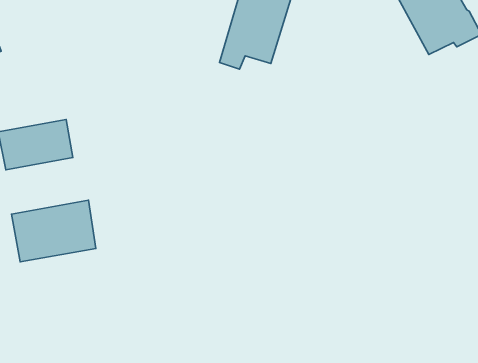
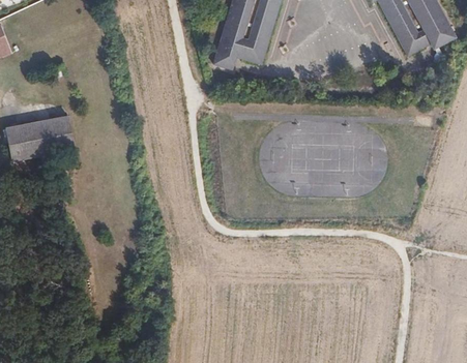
building: [11,200,96,262] -> none

